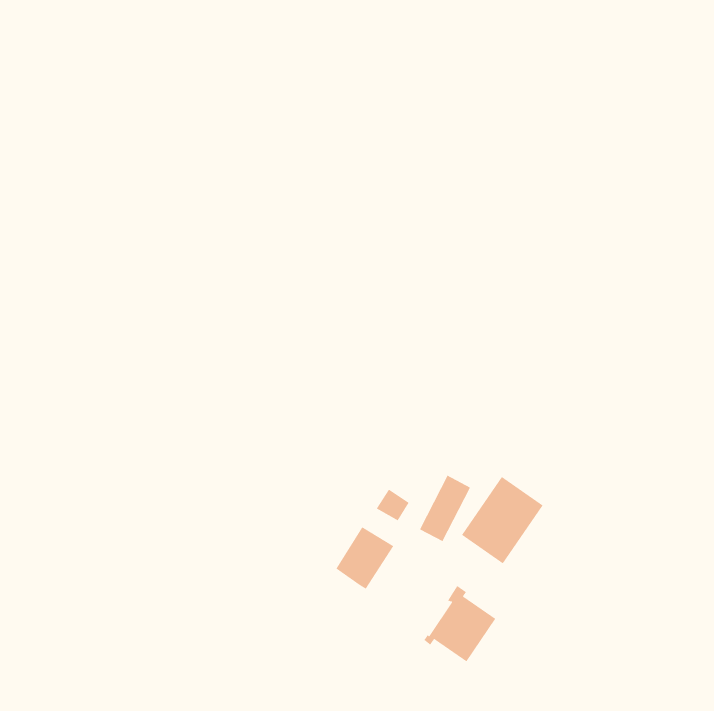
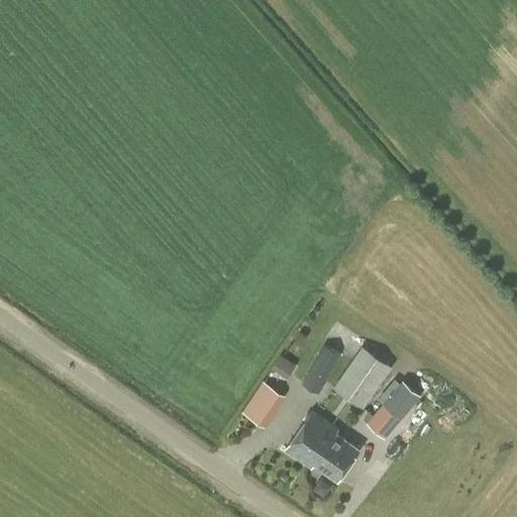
building: none -> [367,382,417,439]
building: none -> [285,412,330,464]

